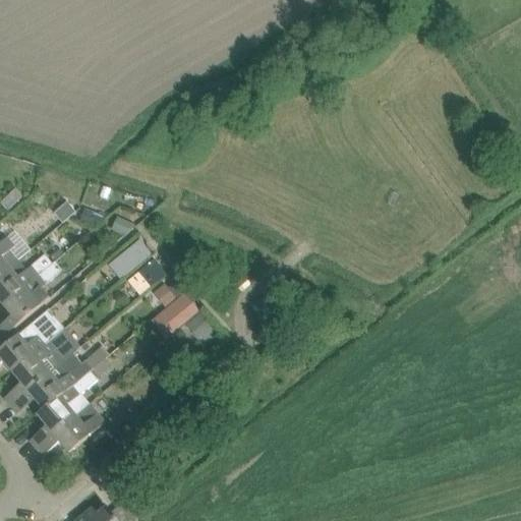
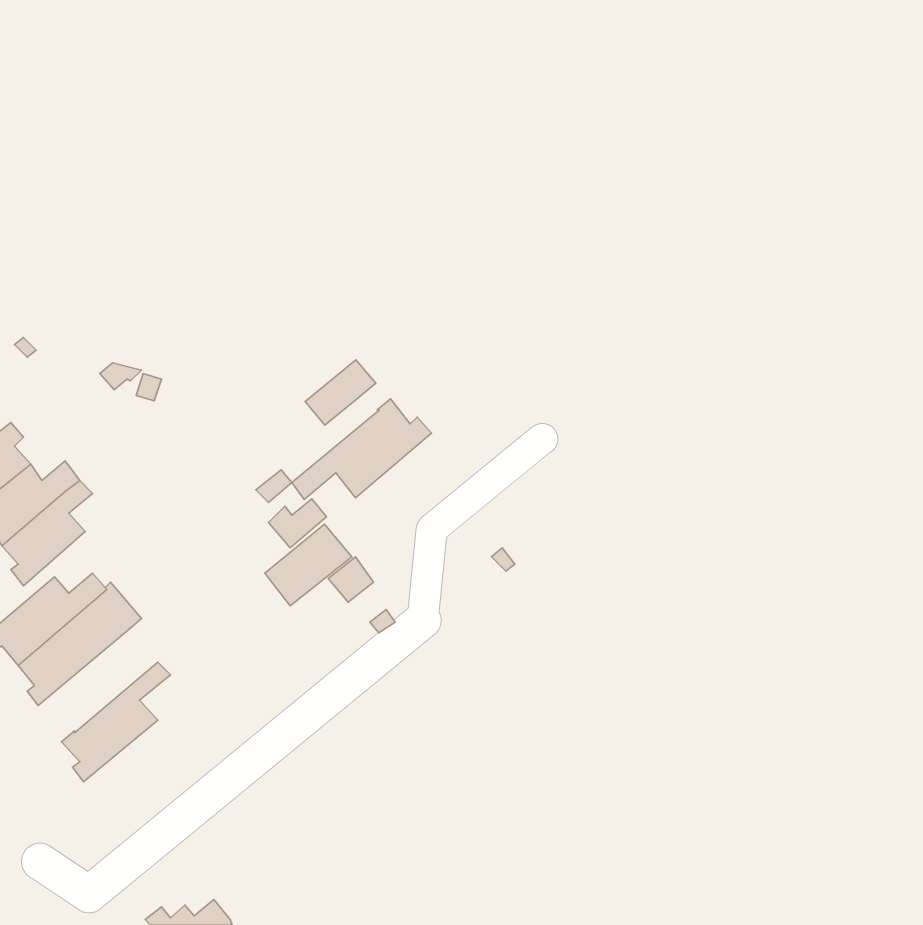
building: none -> [292,399,432,500]
building: [109,241,149,278] -> [305,360,376,425]
building: [21,345,108,411] -> none
building: [47,404,105,454] -> none

